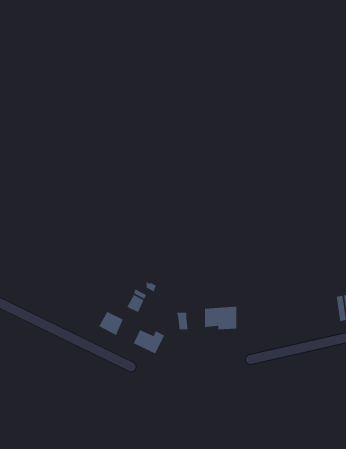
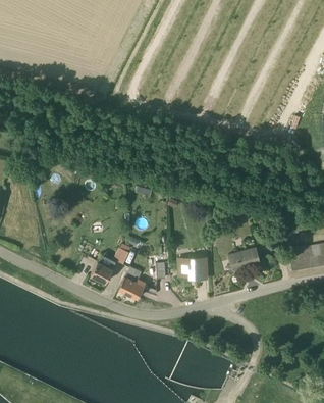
building: none -> [227,248,260,271]

